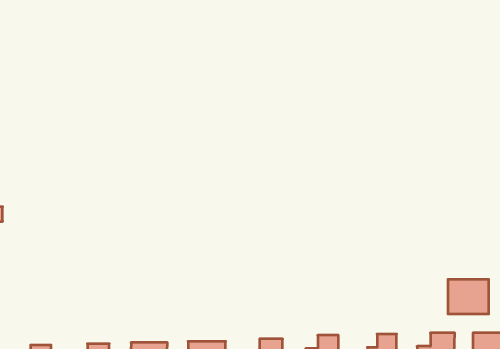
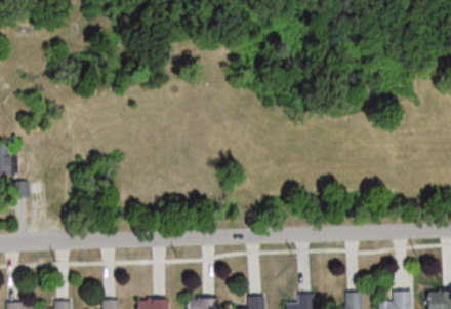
building: [448,279,489,314] -> none

